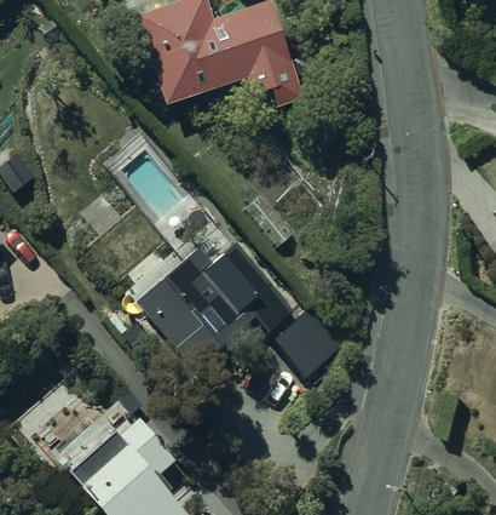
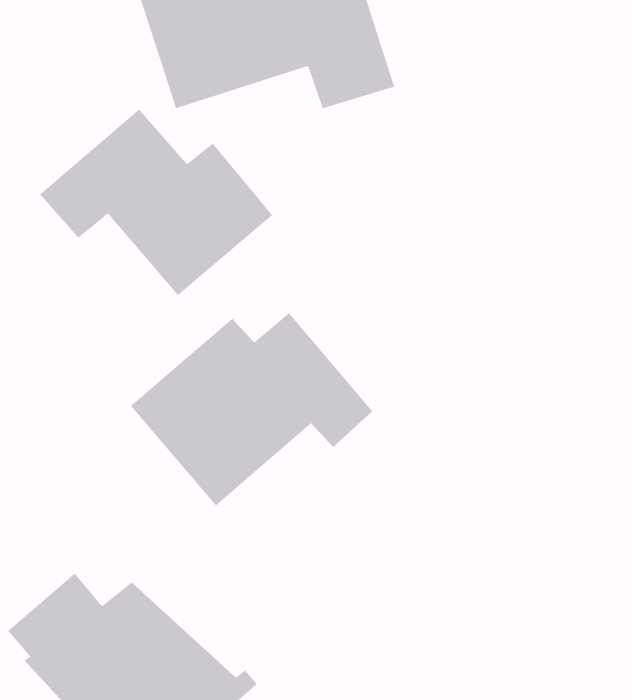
building: none -> [39,109,273,296]
building: [273,303,346,376] -> none

